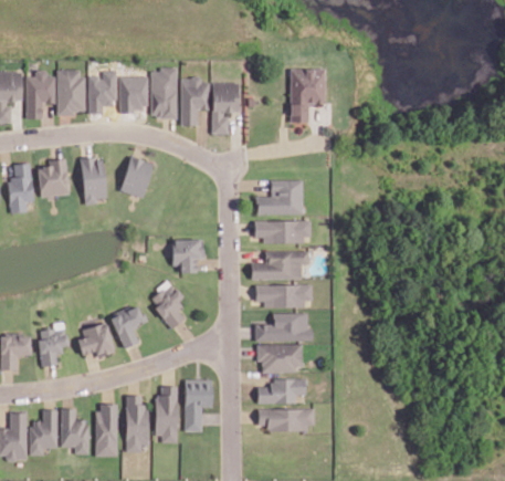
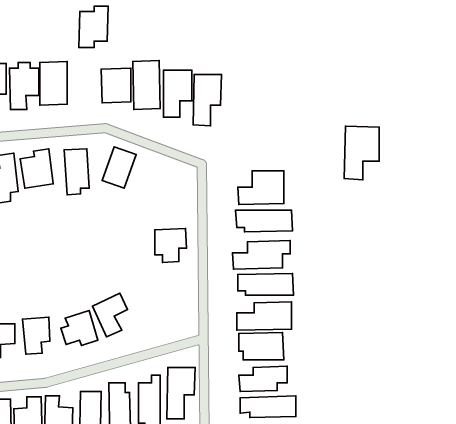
building: [290,69,325,123] -> [344,126,379,180]
building: [87,71,117,113] -> [79,6,108,48]
building: [149,283,187,328] -> none

